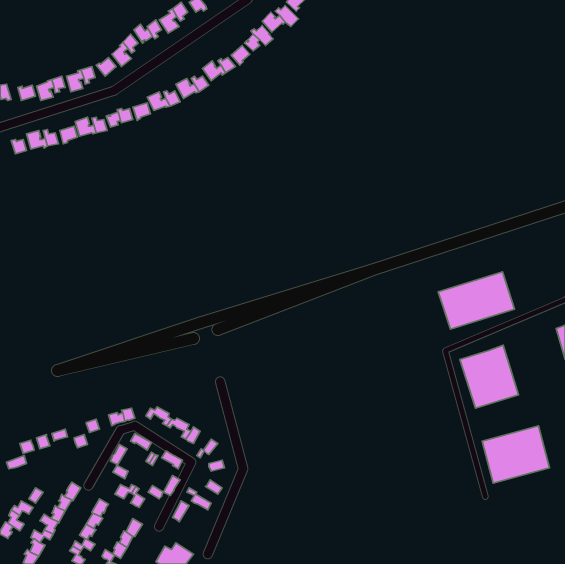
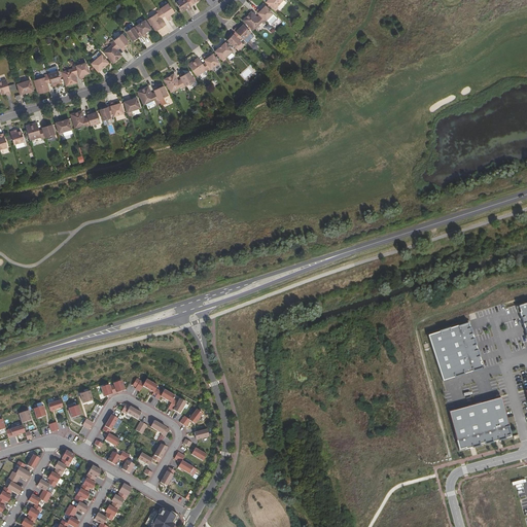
building: [438,272,515,329] -> none

